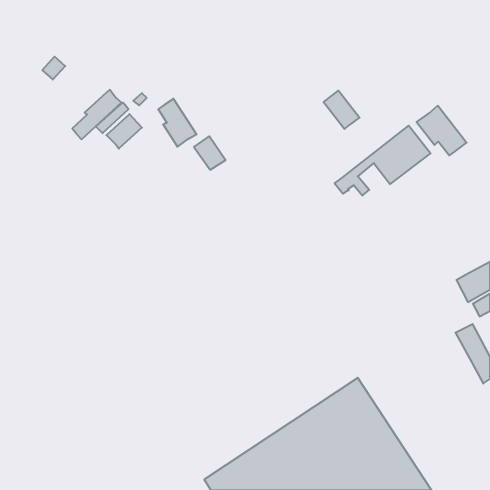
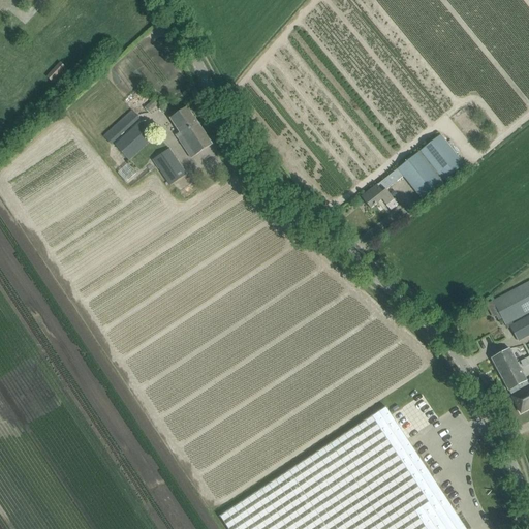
building: [72,90,122,139] -> none
building: [324,91,360,129] -> none
building: [417,106,467,155] -> none
building: [194,136,226,170] -> [152,149,186,185]

